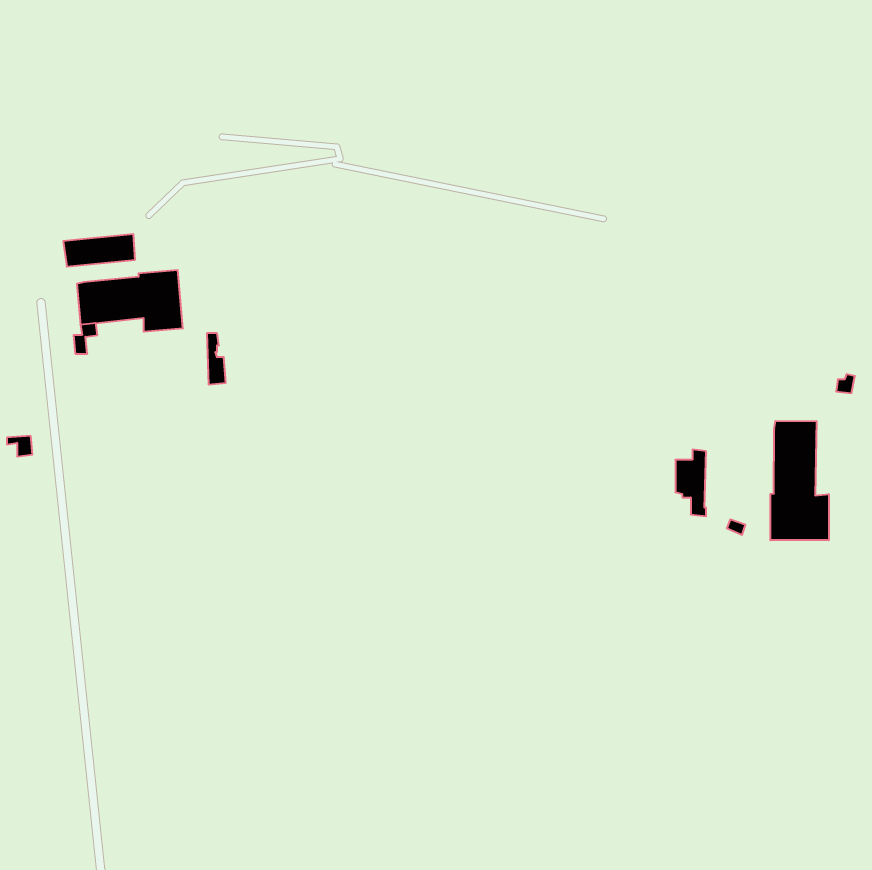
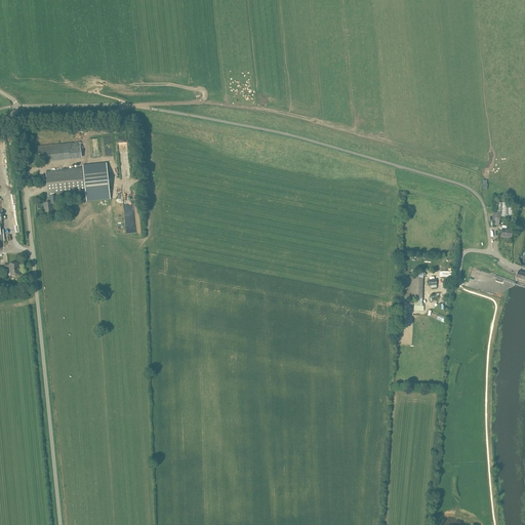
building: [770,421,829,540] -> none

